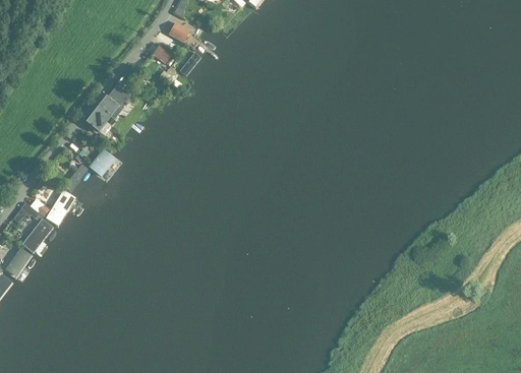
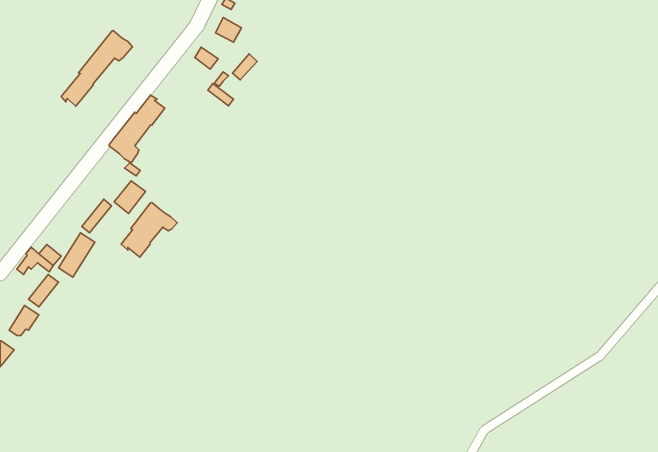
building: none -> [61,30,132,106]
building: none -> [121,203,177,257]

